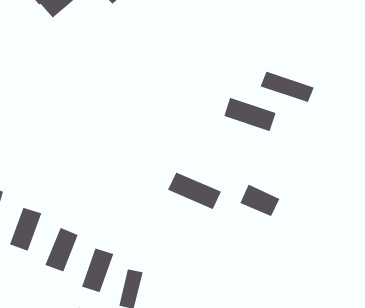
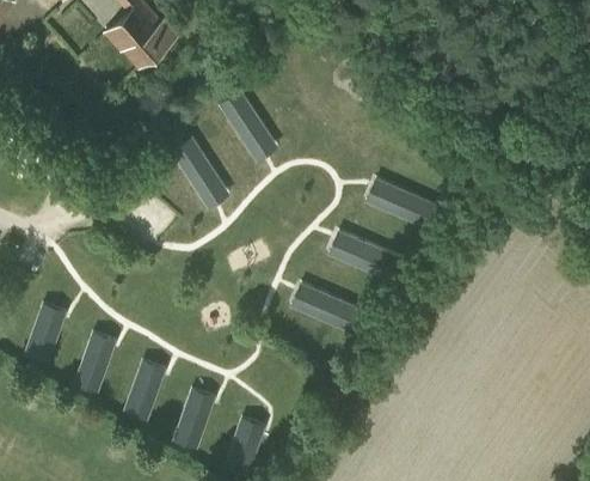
building: none -> [220,89,278,164]
building: [260,71,314,103] -> none
building: none -> [183,153,229,211]
building: [239,184,280,217] -> [328,230,385,275]

